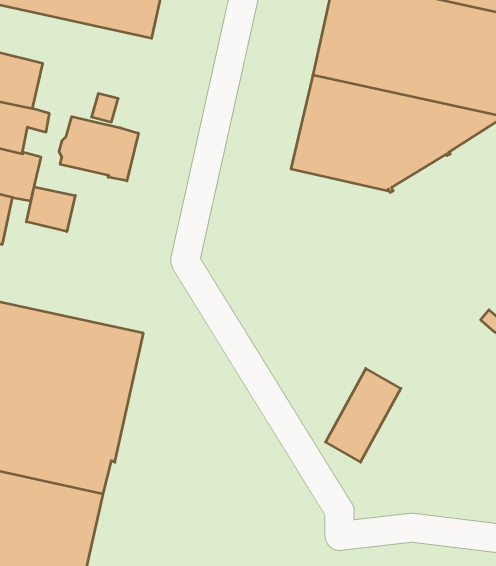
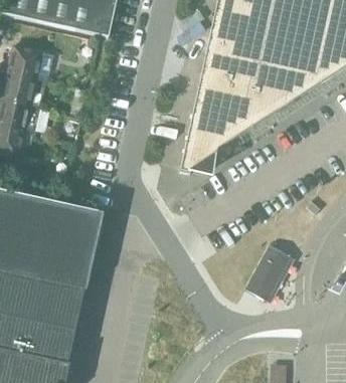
building: [59,117,138,181] -> none
building: none -> [180,114,250,172]
building: [26,187,75,232] -> none
building: [325,368,401,462] -> [245,242,291,299]

